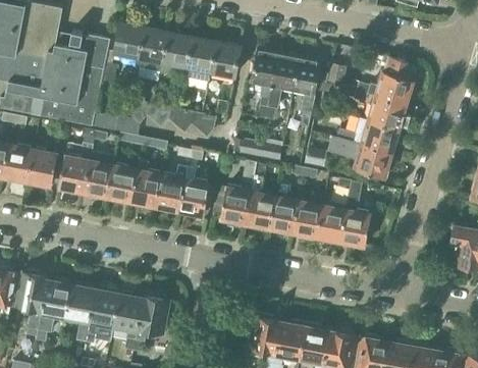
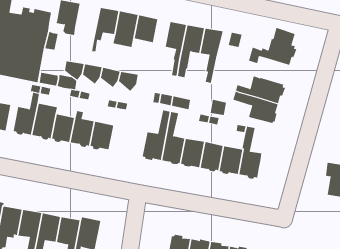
building: [138,28,169,72] -> none
building: [368,96,406,128] -> none
building: [180,166,210,216] -> none

